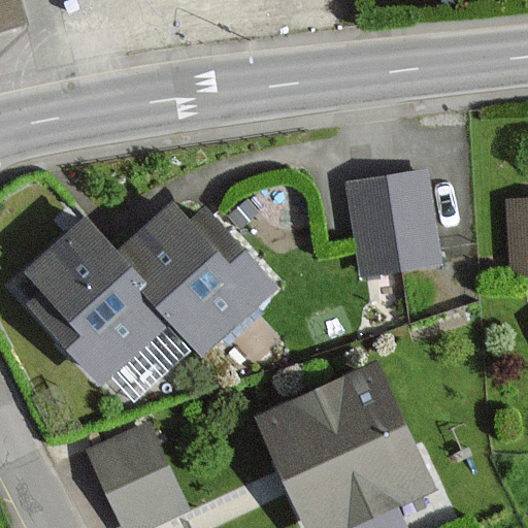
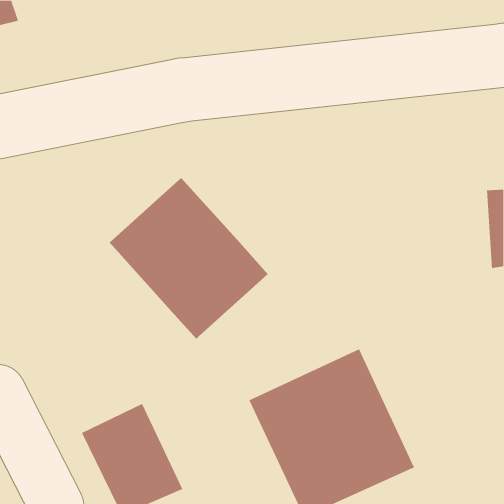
building: [346,171,440,276] -> none
building: [10,222,174,388] -> none

